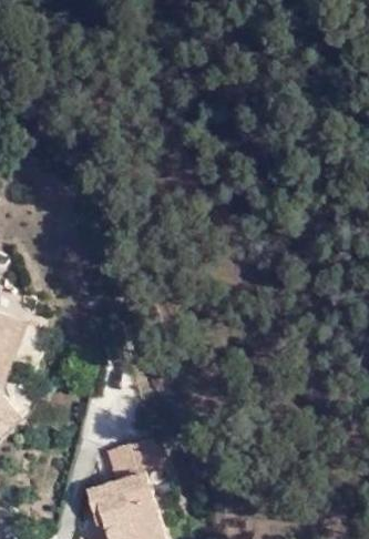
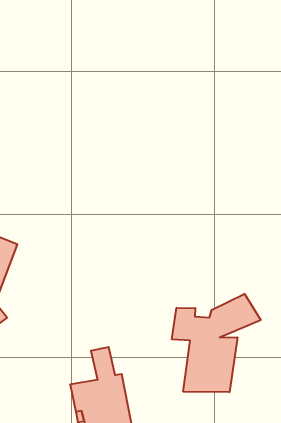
building: none -> [172,294,261,392]

